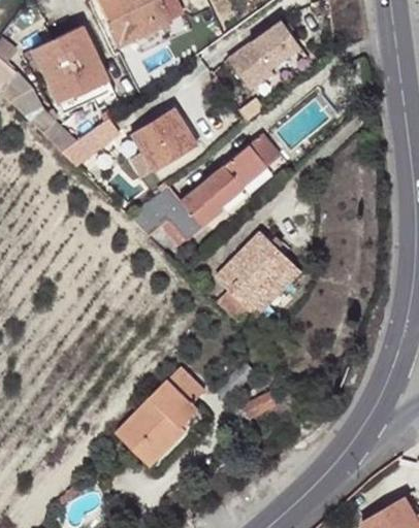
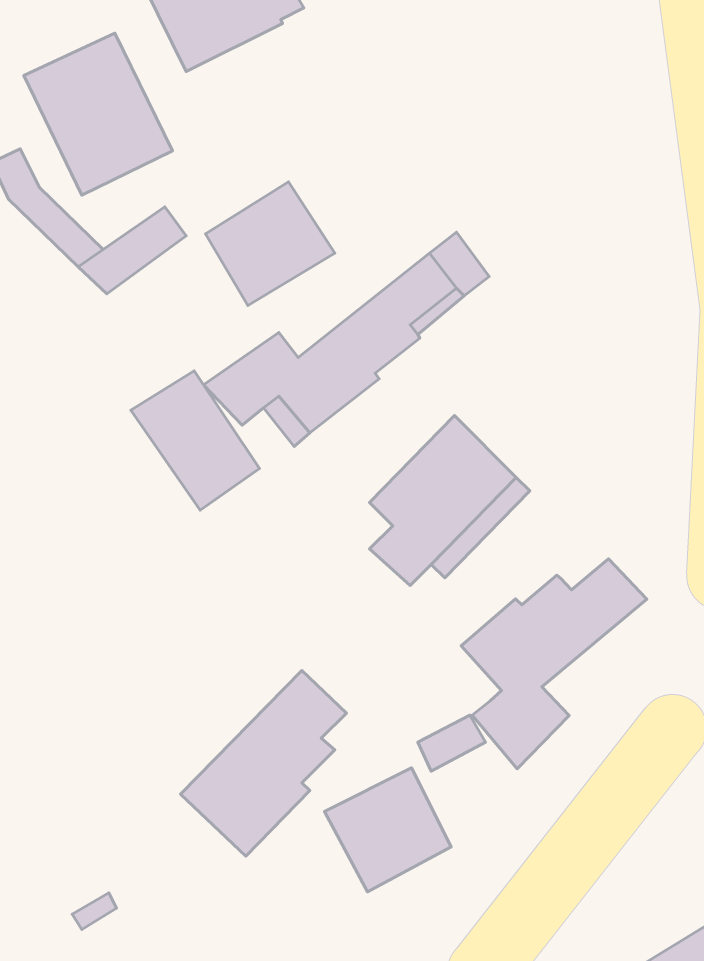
building: [223,18,301,92] -> none
building: none -> [131,371,260,510]
building: none -> [461,559,647,769]
building: none -> [325,768,451,892]

